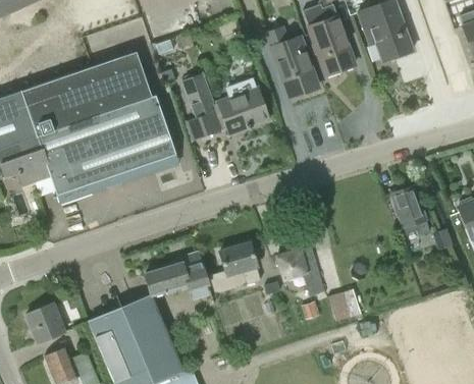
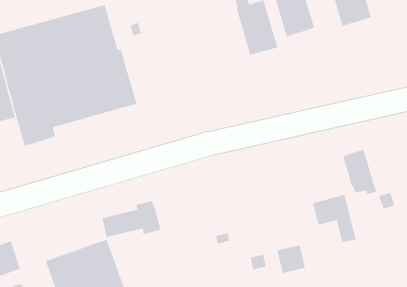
building: [182,73,269,140] -> none
building: [209,242,260,293] -> none
building: [275,245,324,296] -> [312,194,357,243]

